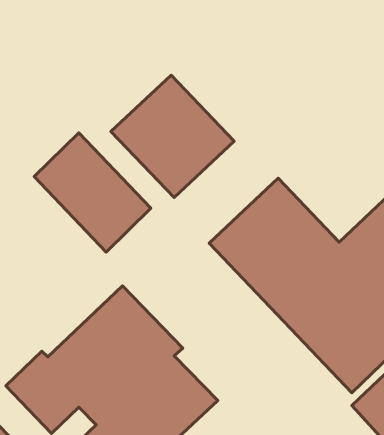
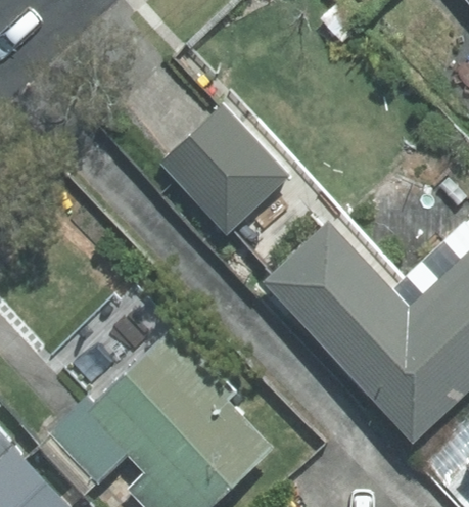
building: [34,133,151,252] -> none

